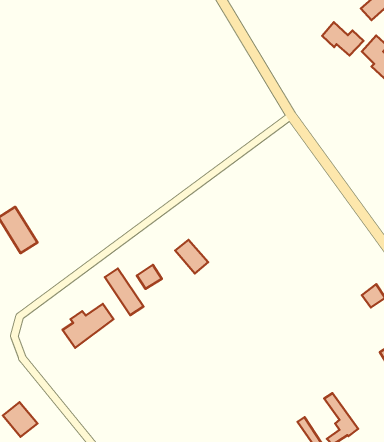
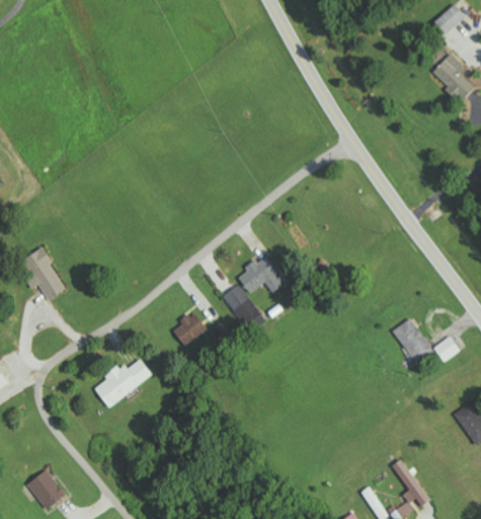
building: [322,22,364,55] -> none
building: none -> [238,255,284,294]
building: none -> [394,317,431,363]
building: [105,268,143,315] -> none

